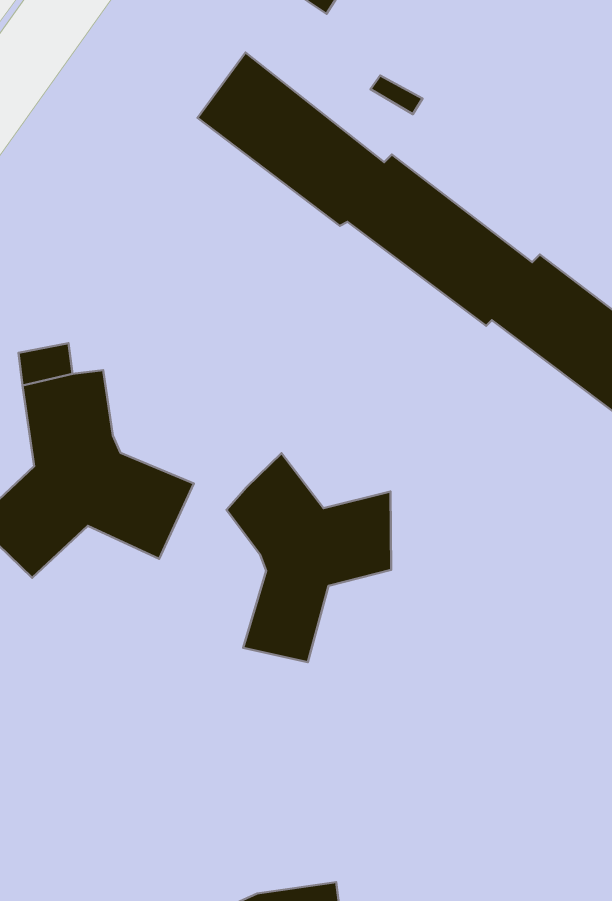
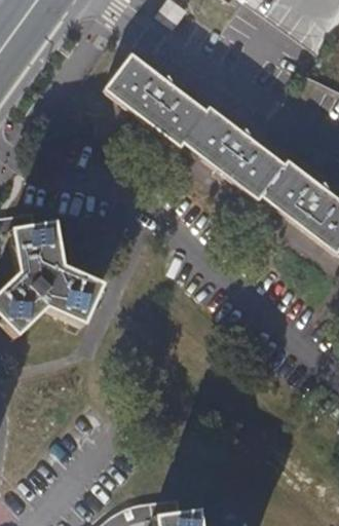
building: [227,453,391,662] -> none

